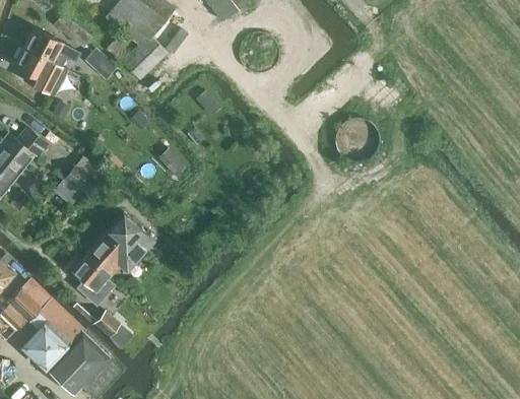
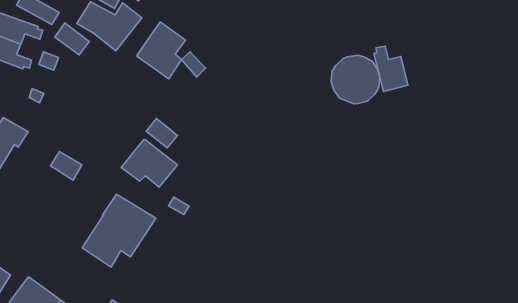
building: none -> [137,22,186,79]
building: none -> [374,46,408,92]
building: none -> [121,139,177,187]
building: [71,259,114,306] -> none

